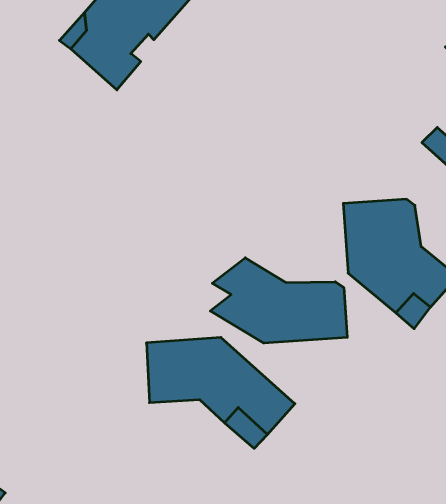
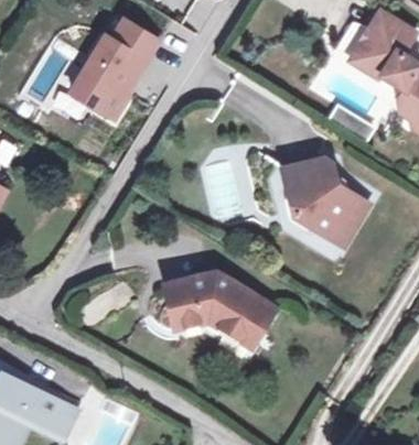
building: [210,258,347,343] -> none

